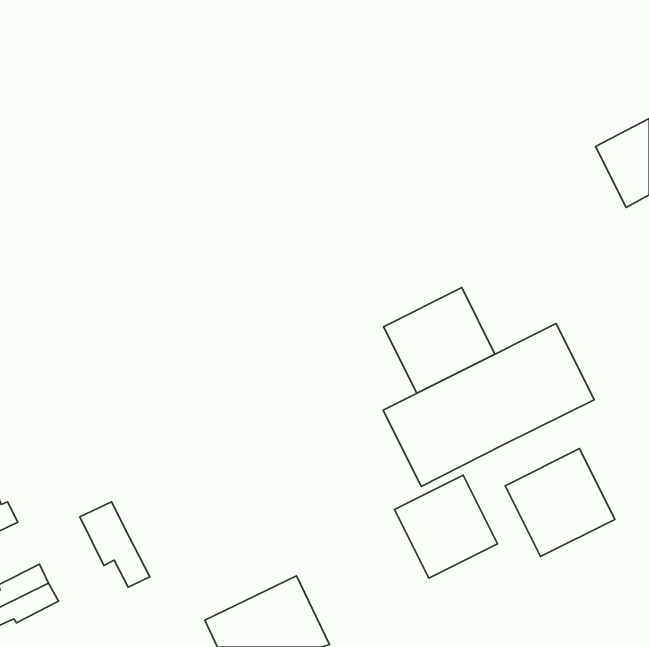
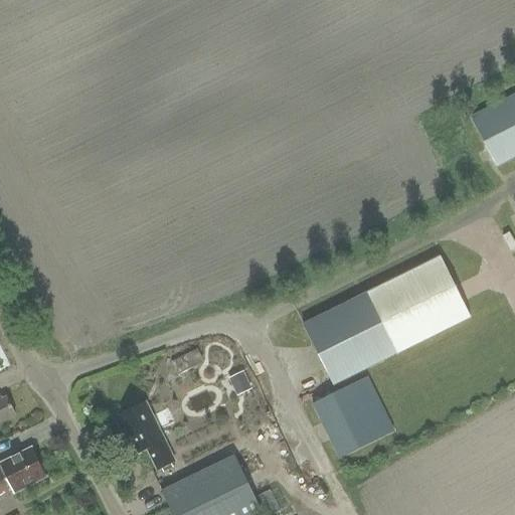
building: [384,288,495,393] -> none
building: [505,449,615,557] -> none
building: [80,502,150,587] -> [120,401,175,469]

